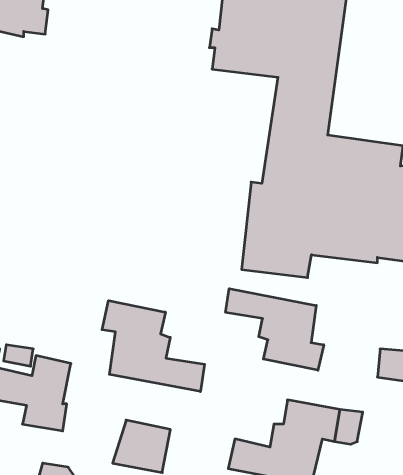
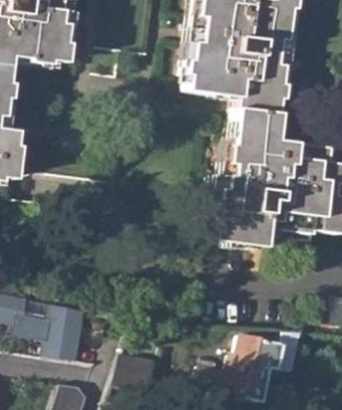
building: [226,289,324,370] -> none
building: [102,301,205,392] -> none

